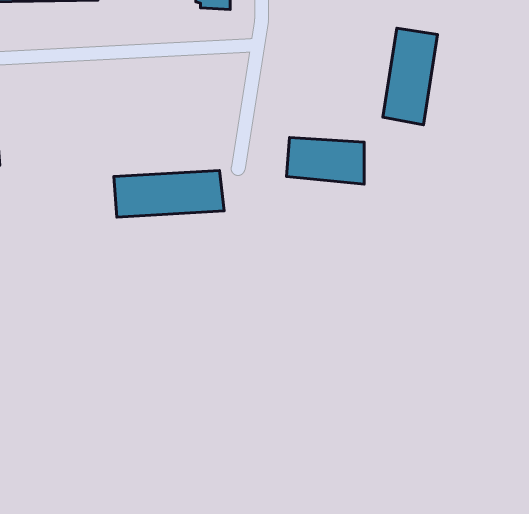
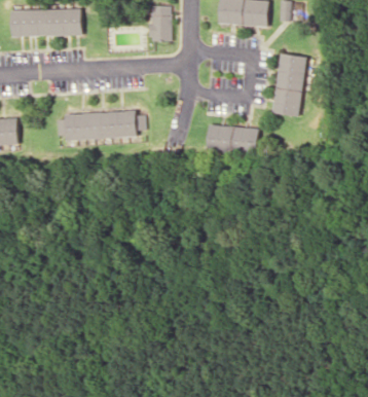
building: [114,170,224,217] -> [65,110,138,141]

